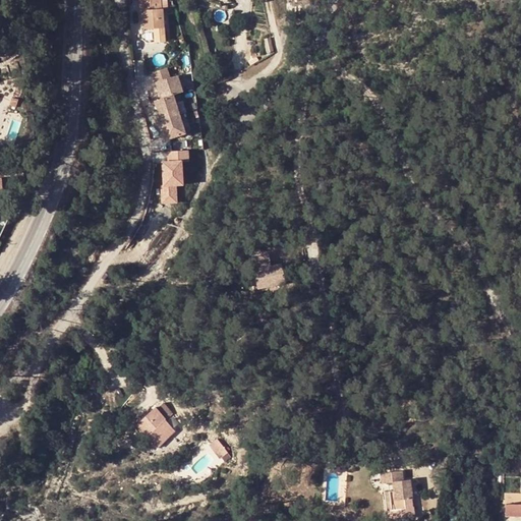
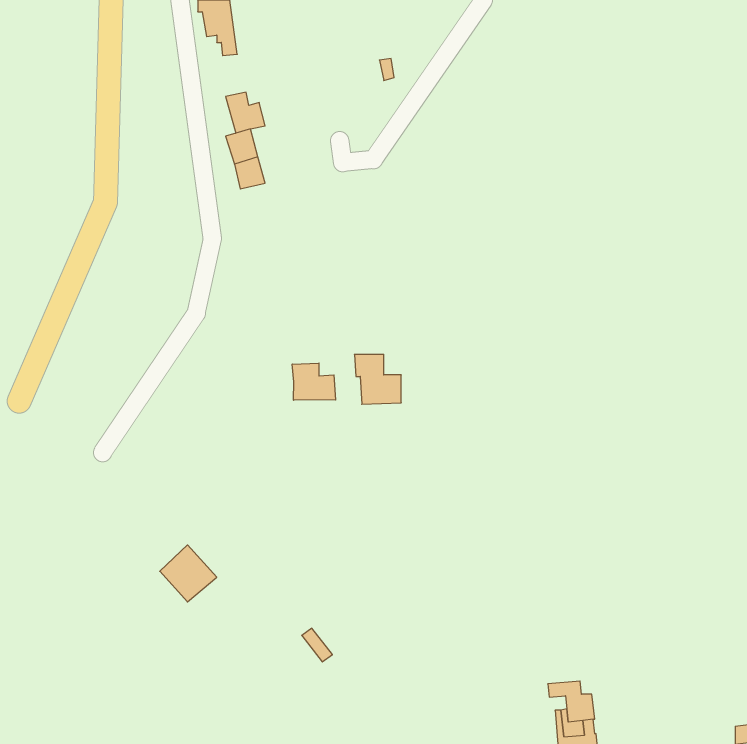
building: [162,148,188,198] -> none
building: none -> [292,363,336,400]
building: [139,411,179,451] -> [160,545,217,602]

